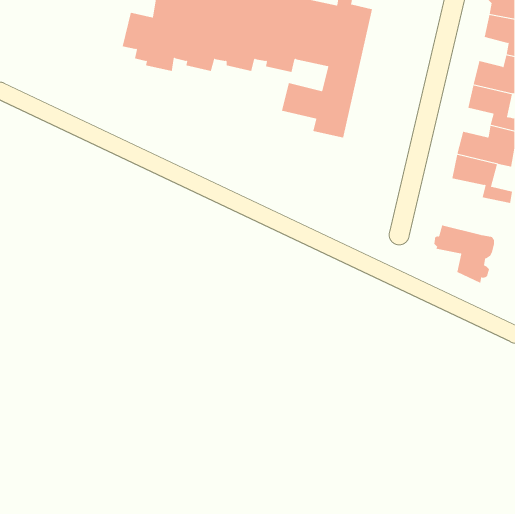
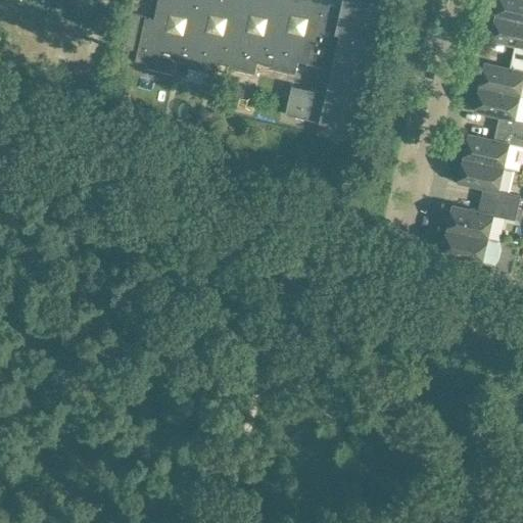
building: none -> [447,198,518,238]

